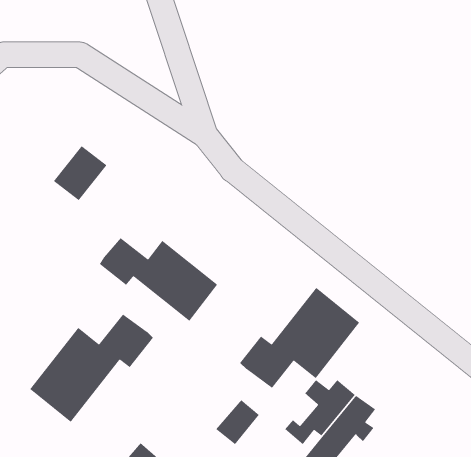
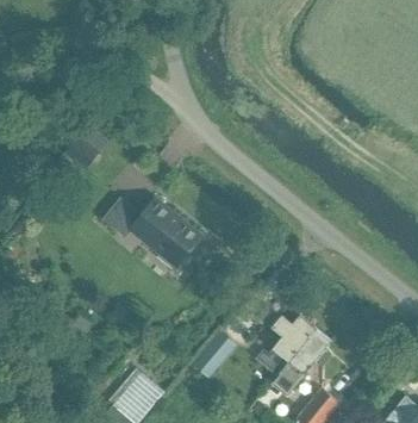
building: [239,287,360,389] -> none
building: [29,313,154,423] -> none

